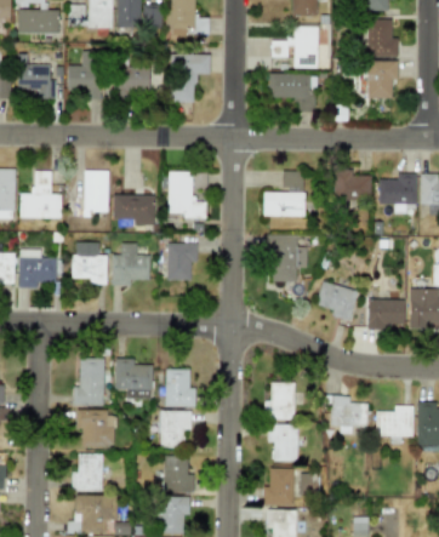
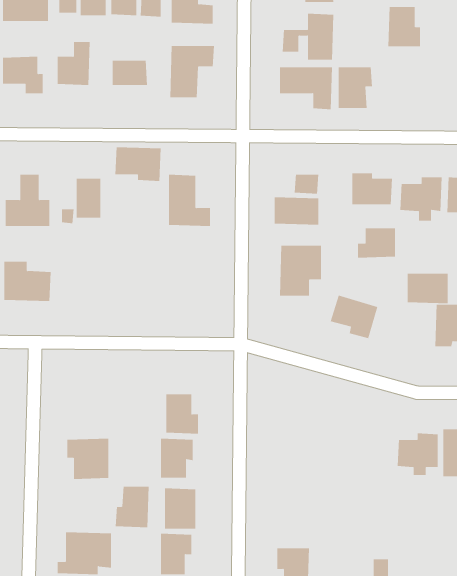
building: [367,61,399,98] -> [338,67,373,108]
building: [113,194,155,225] -> [115,147,161,182]
building: none -> [358,228,395,258]
building: [72,241,108,285] -> none
building: [113,242,152,286] -> none
building: [167,242,198,280] -> none
building: [367,299,405,327] -> [407,273,448,304]
building: [73,358,106,406] -> none
building: [115,358,154,400] -> none
building: [264,383,295,419] -> none
building: [331,395,369,434] -> none
building: [268,424,300,461] -> none
building: [72,453,103,491] -> [115,486,149,528]
building: [264,468,295,505] -> none

